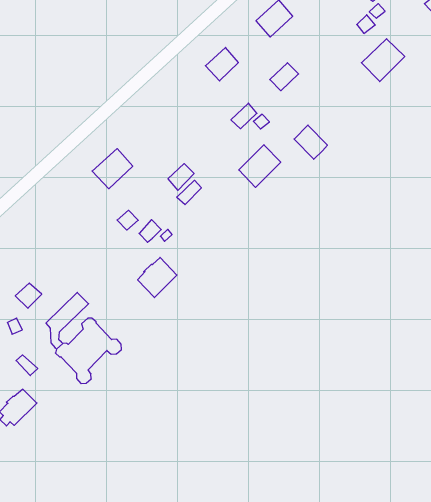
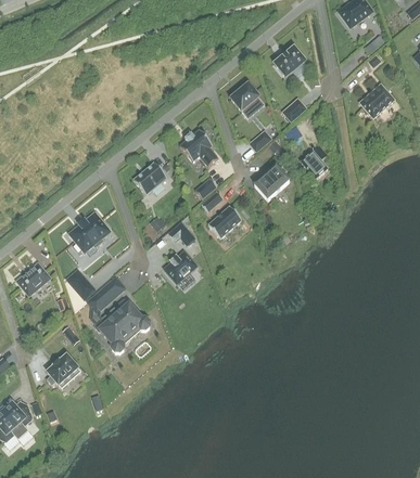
building: none -> [179,129,218,167]
building: none -> [208,205,241,237]
building: none -> [69,212,111,251]

